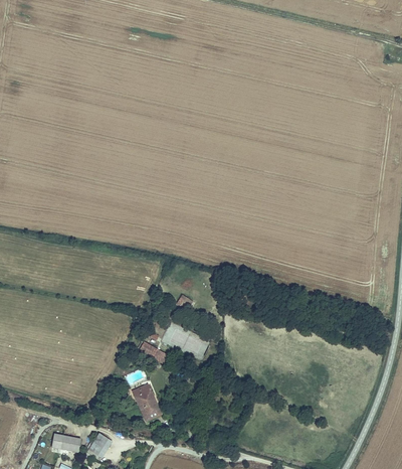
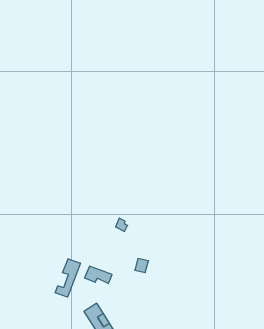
building: none -> [55,259,80,297]

